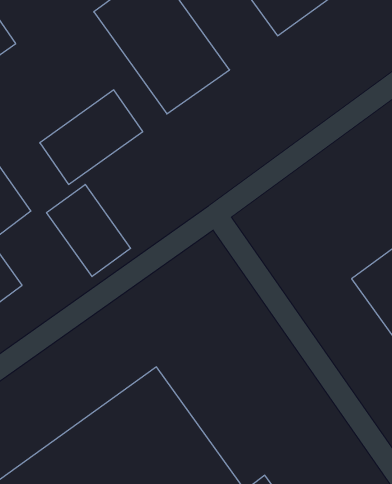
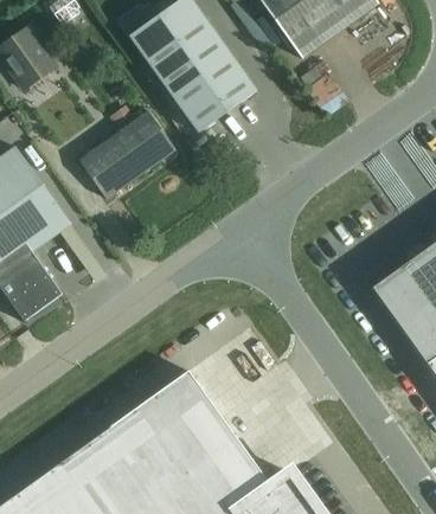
building: [47,184,131,277] -> none

